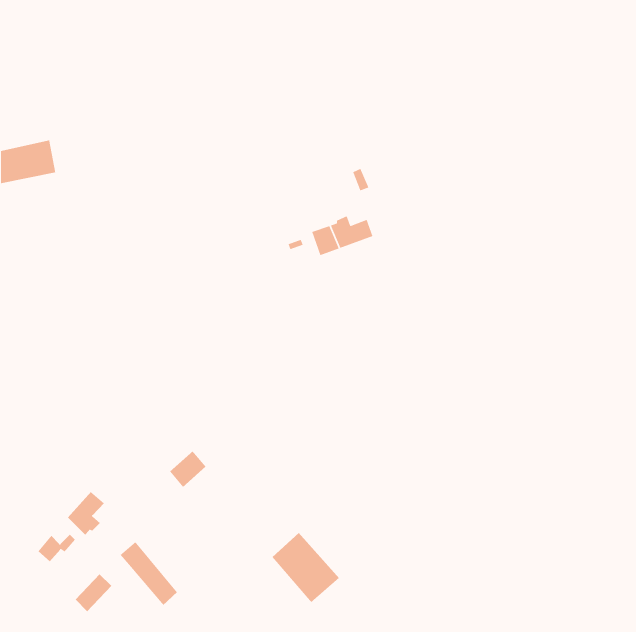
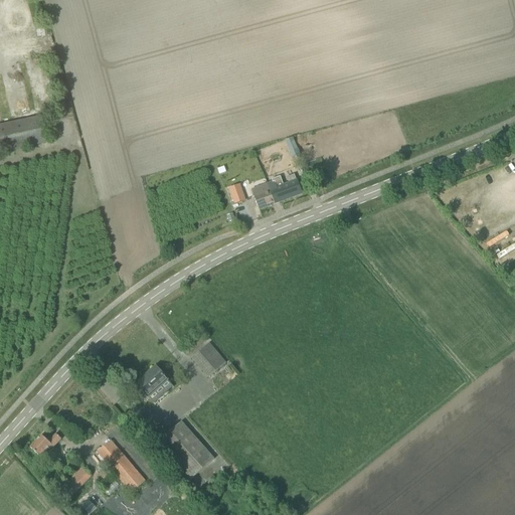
building: none -> [191,341,225,374]
building: [67,491,105,535] -> none
building: [271,532,340,603] -> [159,419,214,477]

